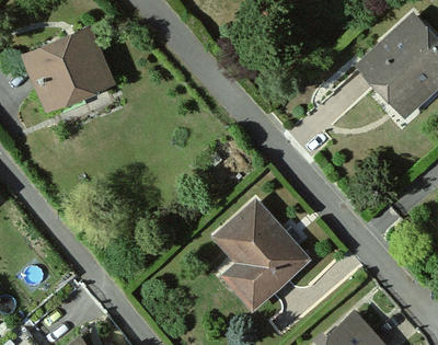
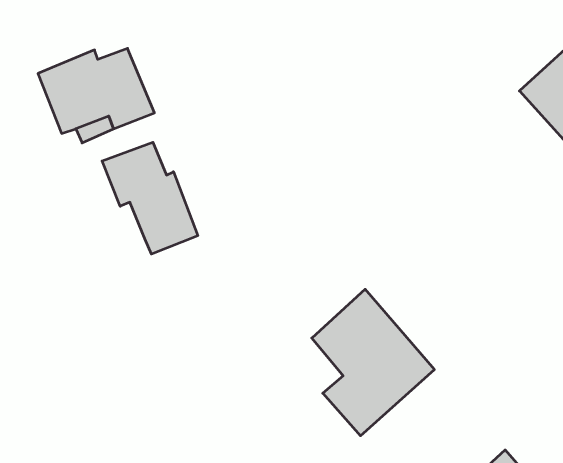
building: none -> [102,142,198,254]

